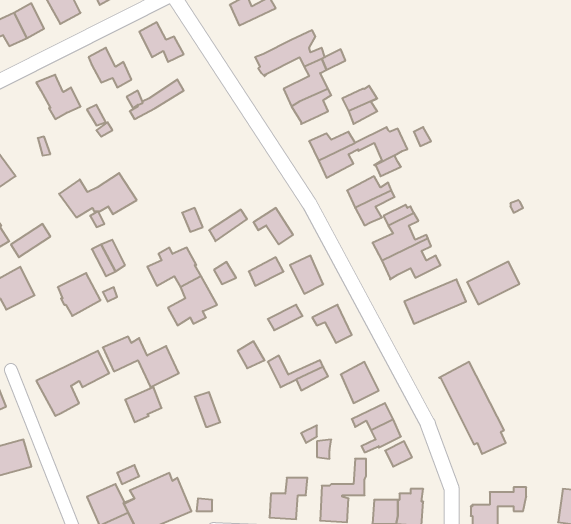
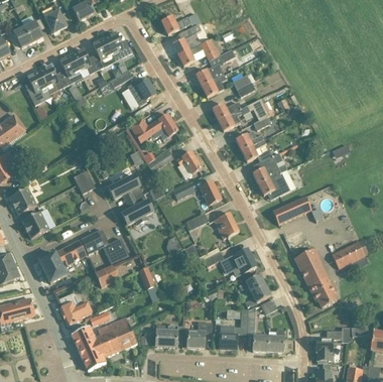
building: none -> [172,24,201,54]
building: none -> [93,38,115,69]
building: none -> [60,54,84,86]
building: none -> [27,71,50,105]
building: none -> [127,80,156,106]
building: [59,173,137,217] -> [129,113,178,141]
building: [467,262,519,304] -> [332,241,365,268]
building: [58,273,101,316] -> [22,212,49,239]
building: none -> [59,294,92,326]
building: none -> [155,325,182,347]

